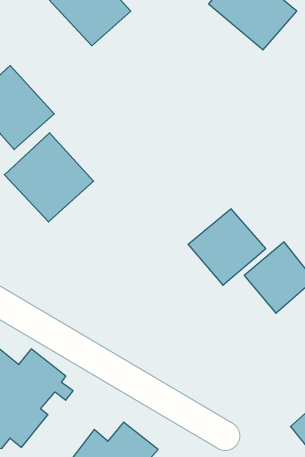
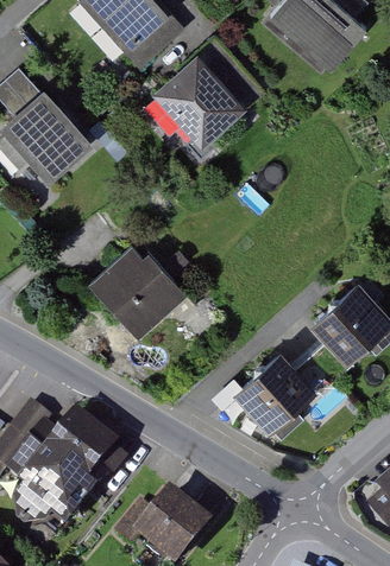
building: none -> [157,59,245,148]
building: [4,133,94,222] -> [88,239,189,339]
building: [188,209,266,285] -> [233,352,321,439]

